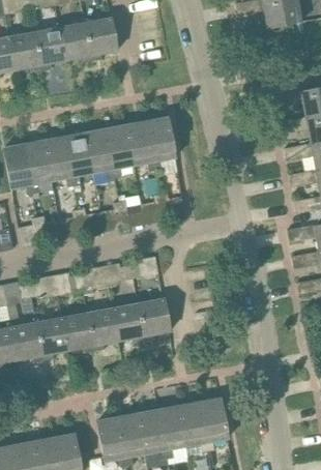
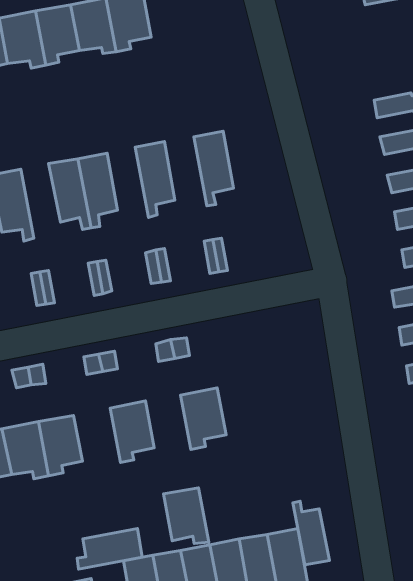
building: [127,120,157,170] -> none
building: [87,127,116,178] -> none
building: [26,139,54,192] -> none
building: [114,302,146,342] -> [163,488,209,544]
building: [63,312,96,352] -> none
building: none -> [293,501,329,565]
building: none -> [77,529,142,569]

